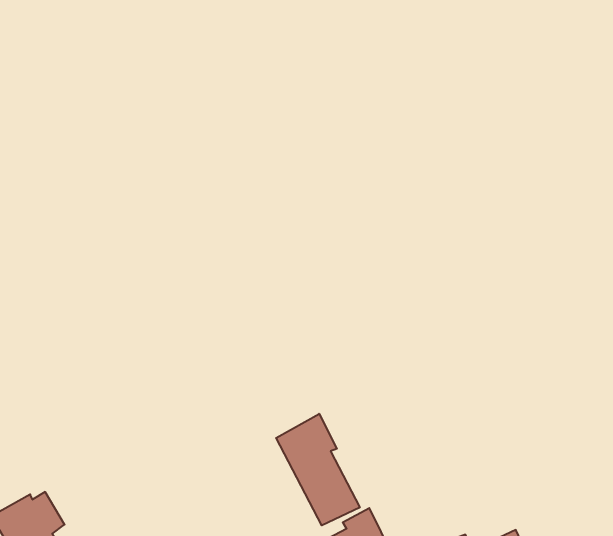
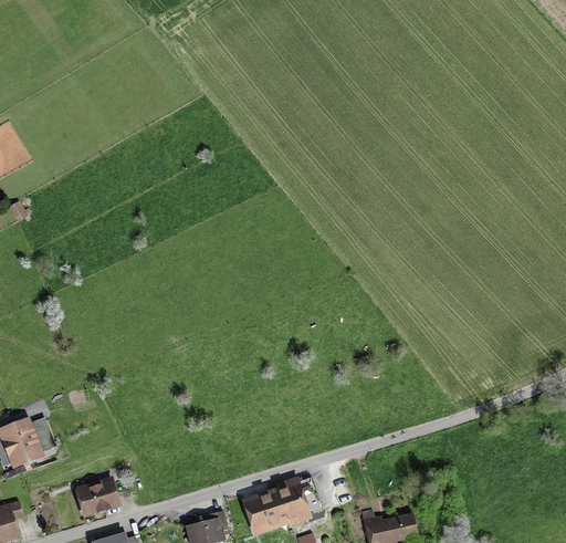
building: [276,414,360,525] -> none

